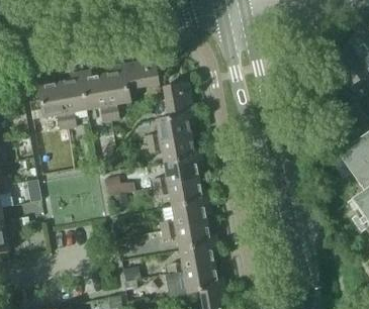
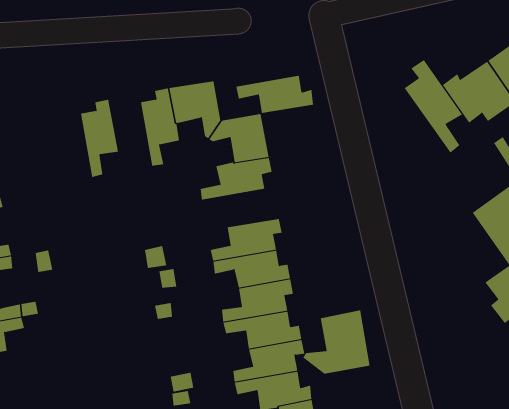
building: none -> [404,59,463,153]
building: [80,70,110,121] -> none
building: [36,78,68,128] -> none
building: [146,135,201,163] -> [235,75,314,113]
building: none -> [302,310,370,375]

